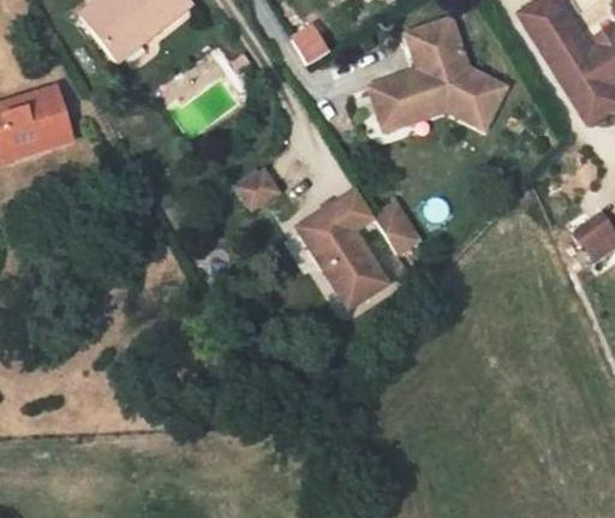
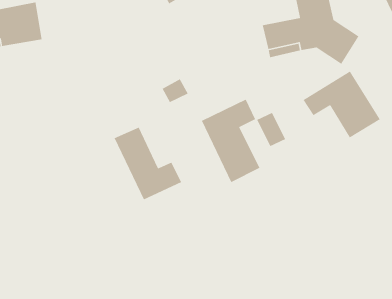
building: none -> [303,70,381,138]
building: none -> [114,127,182,200]

